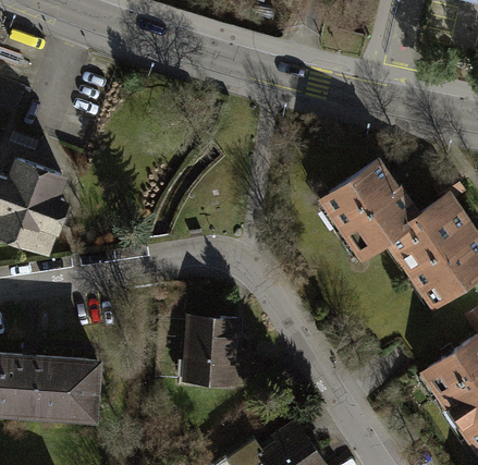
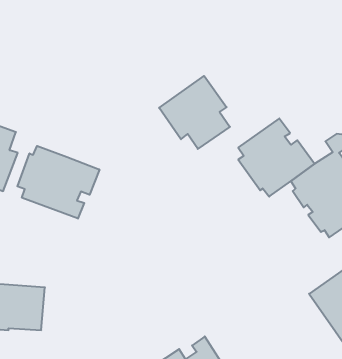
building: none -> [159,76,230,149]
building: none -> [17,146,99,219]
building: [193,326,232,384] -> none

